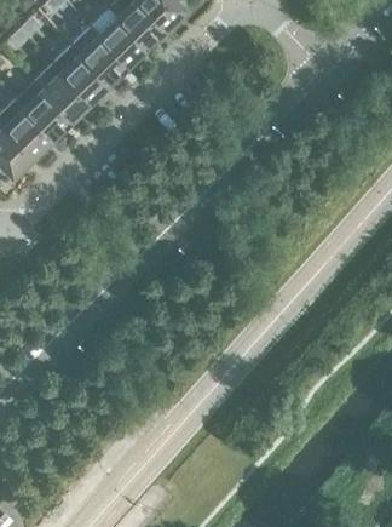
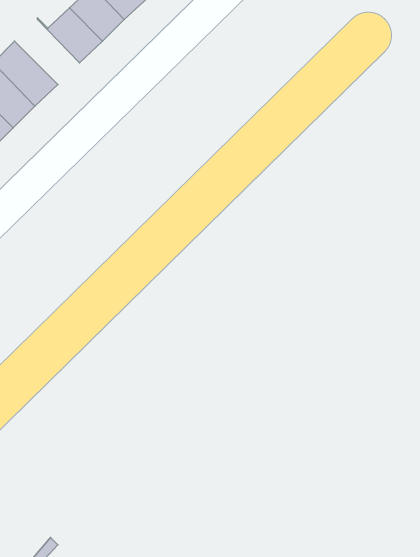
building: [33,64,87,119] -> none

